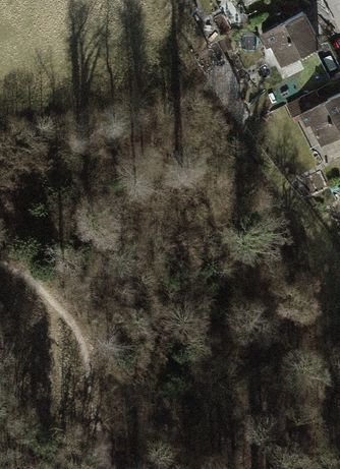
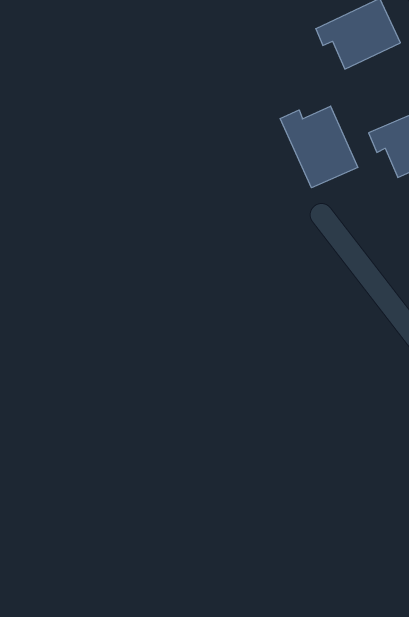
building: none -> [280,106,358,188]

